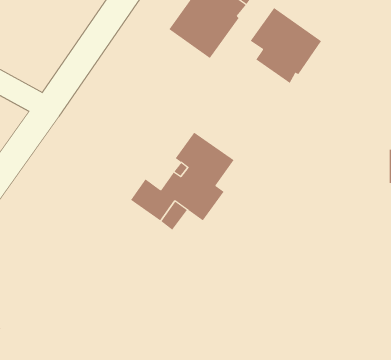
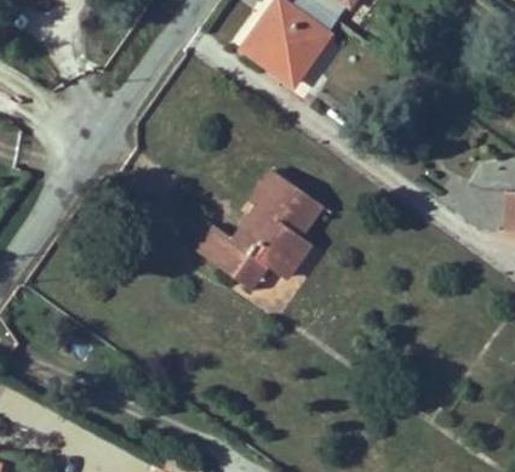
building: [250,7,322,84] -> none

